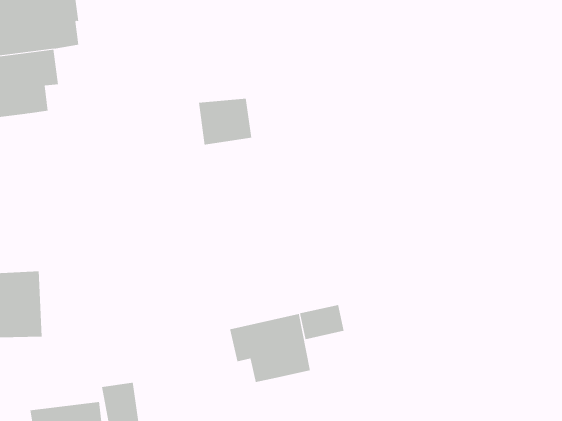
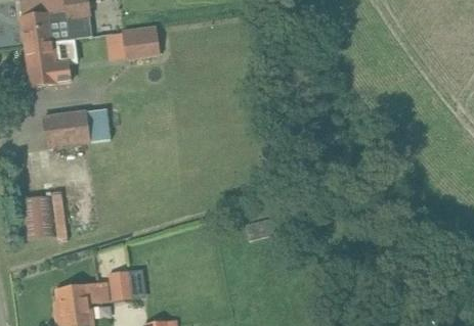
building: [198,98,252,145] -> [122,32,160,64]
building: none -> [43,107,111,147]
building: [230,313,311,383] -> none

